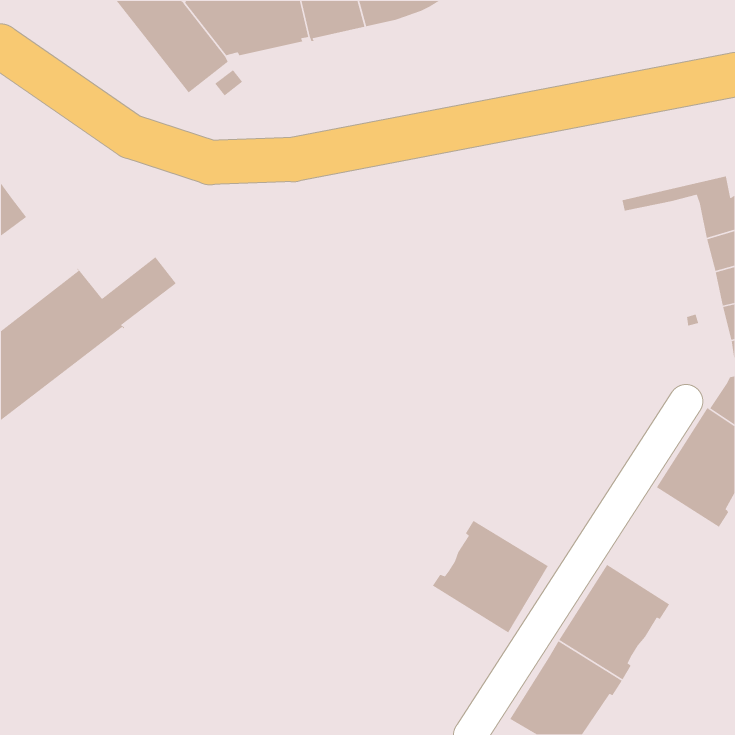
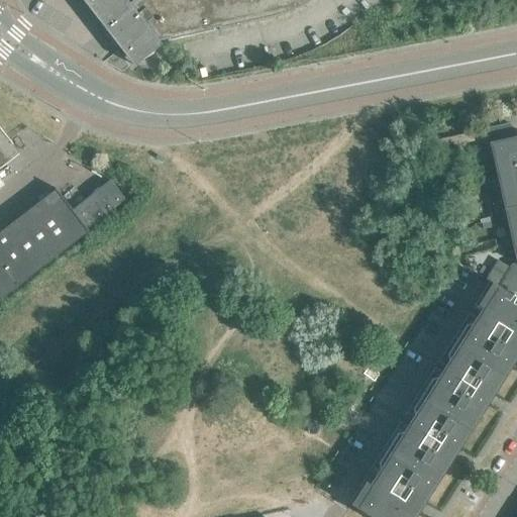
building: none -> [426,342,505,424]
building: [432,520,549,633] -> none

